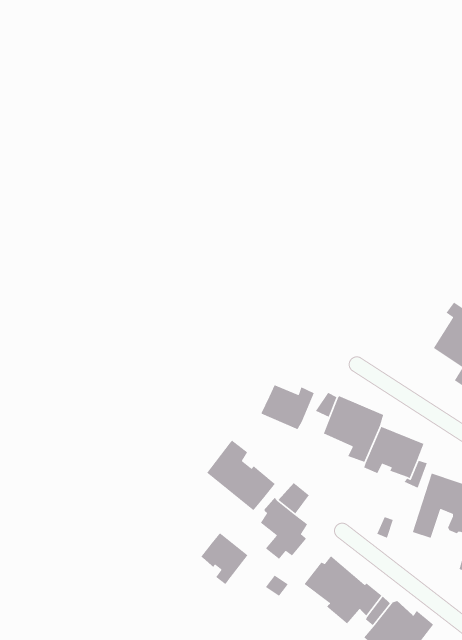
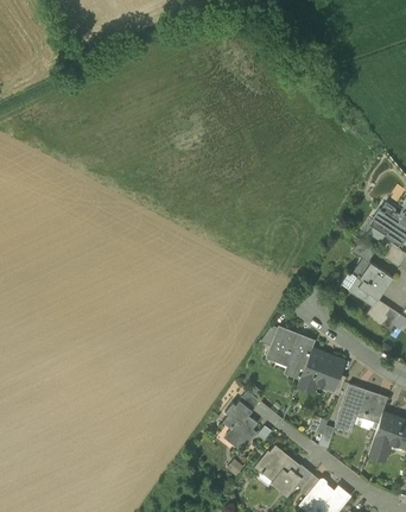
building: [261,384,315,430] -> none
building: [206,440,276,511] -> none
building: [200,532,248,585] -> none

